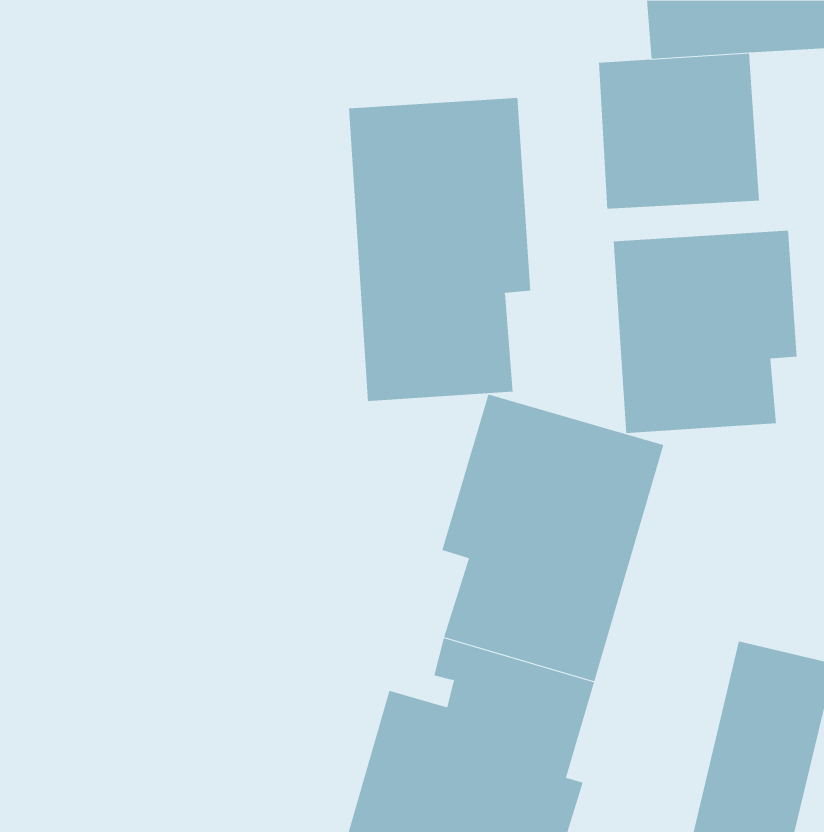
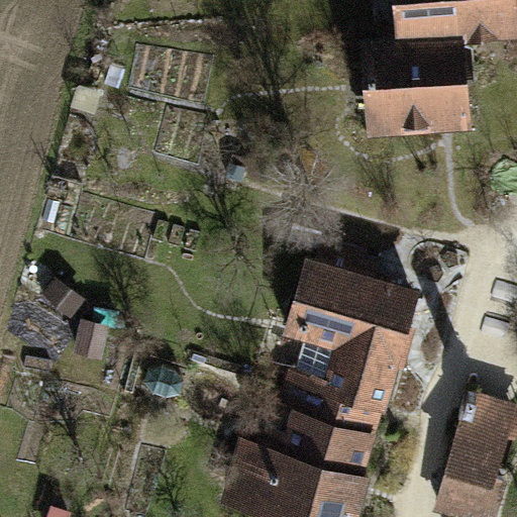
building: [348,97,531,402] -> none
building: [613,230,797,434] -> none

